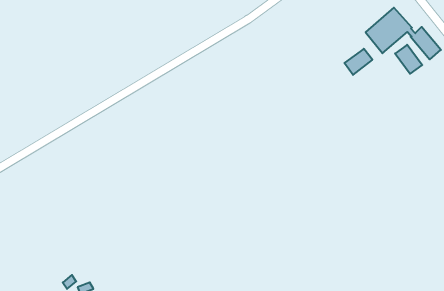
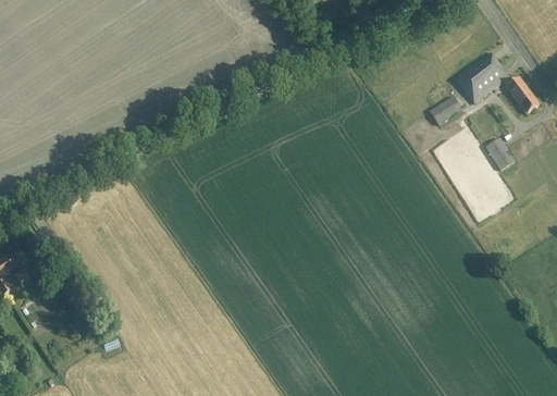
building: [395,45,422,74] -> [485,137,515,170]

